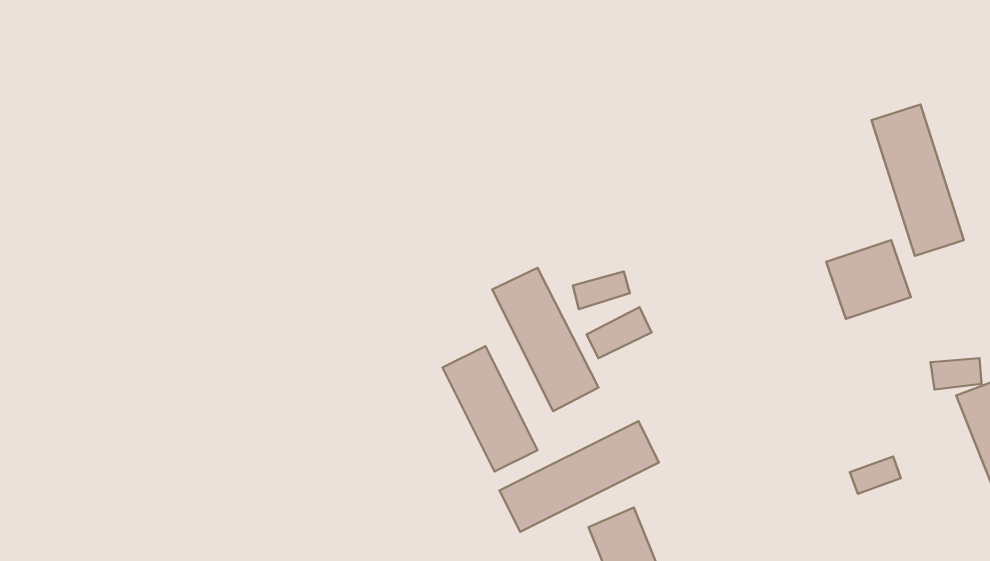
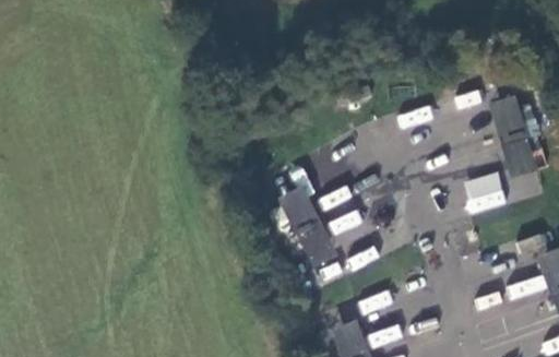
building: [443,346,538,471] -> none
building: [500,421,659,532] -> none

